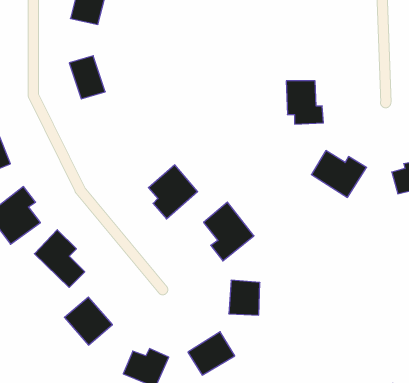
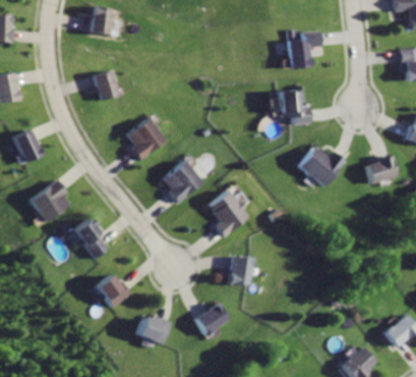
building: none -> [288,29,322,68]
building: none -> [125,119,165,163]

